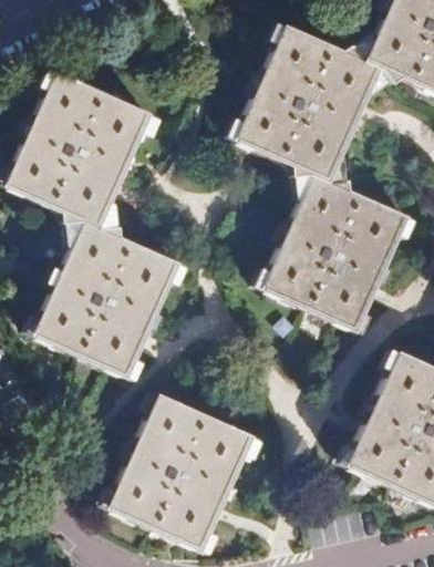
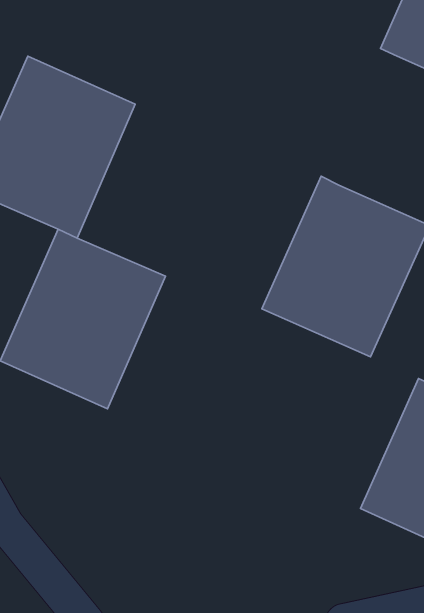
building: [232,25,379,181] -> none
building: [107,392,254,550] -> none

